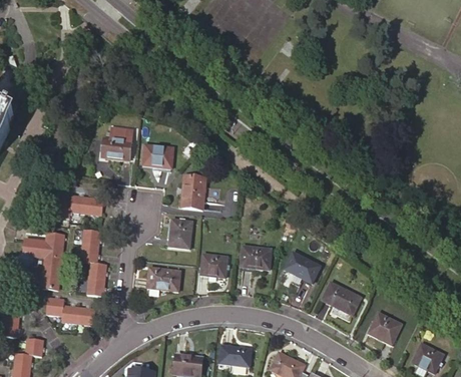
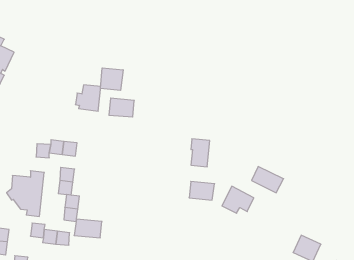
building: none -> [101,68,123,90]
building: [182,174,205,209] -> [191,139,210,167]
building: [169,220,192,248] -> none
building: [200,254,227,277] -> none
building: [146,268,180,291] -> [74,219,102,238]
building: [322,282,361,314] -> [252,167,284,193]

